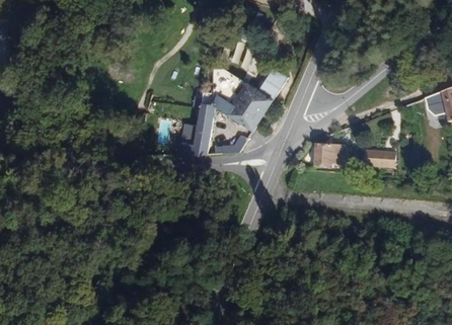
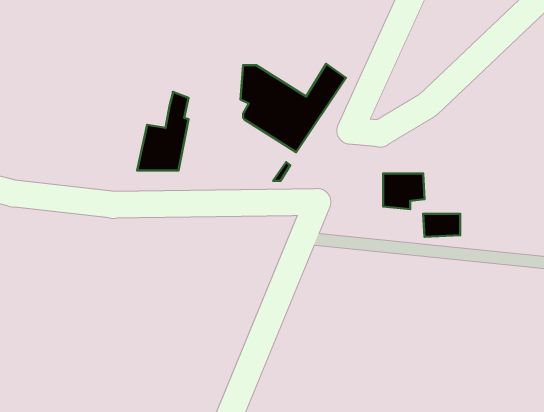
building: [176,99,213,155] -> [137,92,188,171]
building: [363,148,389,164] -> [423,214,460,237]

